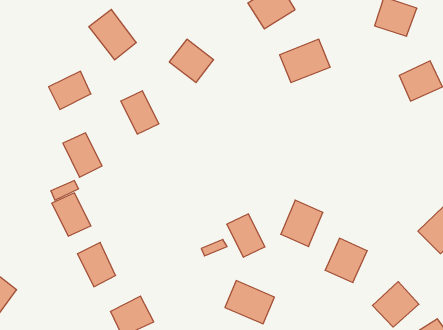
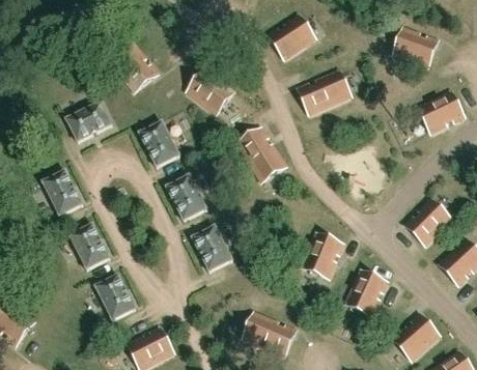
building: none -> [238,130,286,180]
building: [63,133,102,177] -> [43,171,82,216]
building: none -> [167,177,205,221]
building: none -> [404,198,452,246]
building: [227,214,265,257] -> [192,227,230,271]

